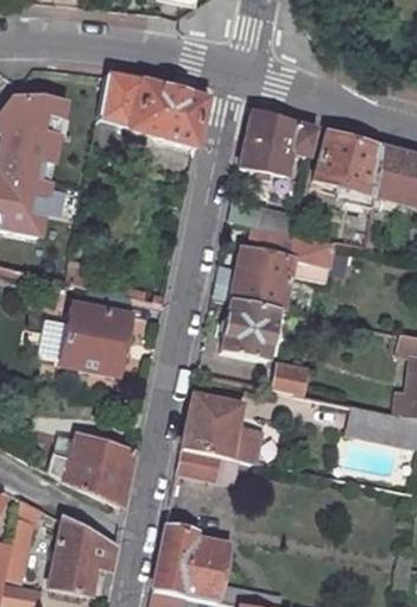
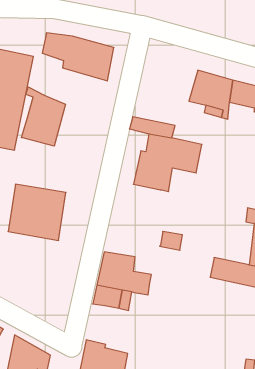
building: [241,112,311,176] -> none
building: none -> [21,87,66,146]
building: [223,297,277,359] -> none
building: [49,435,134,506] -> none

